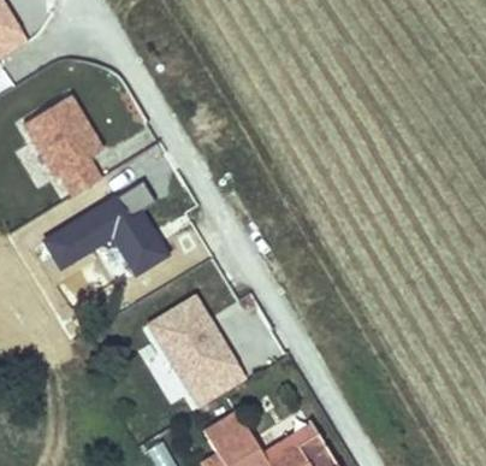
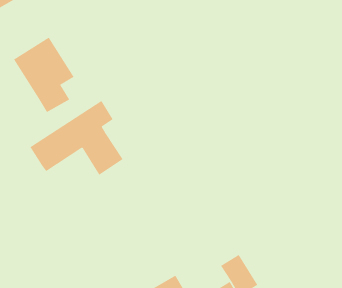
building: [150,296,244,402] -> none

